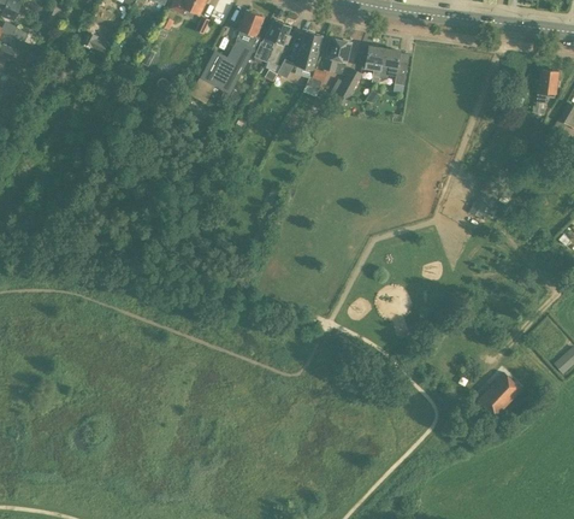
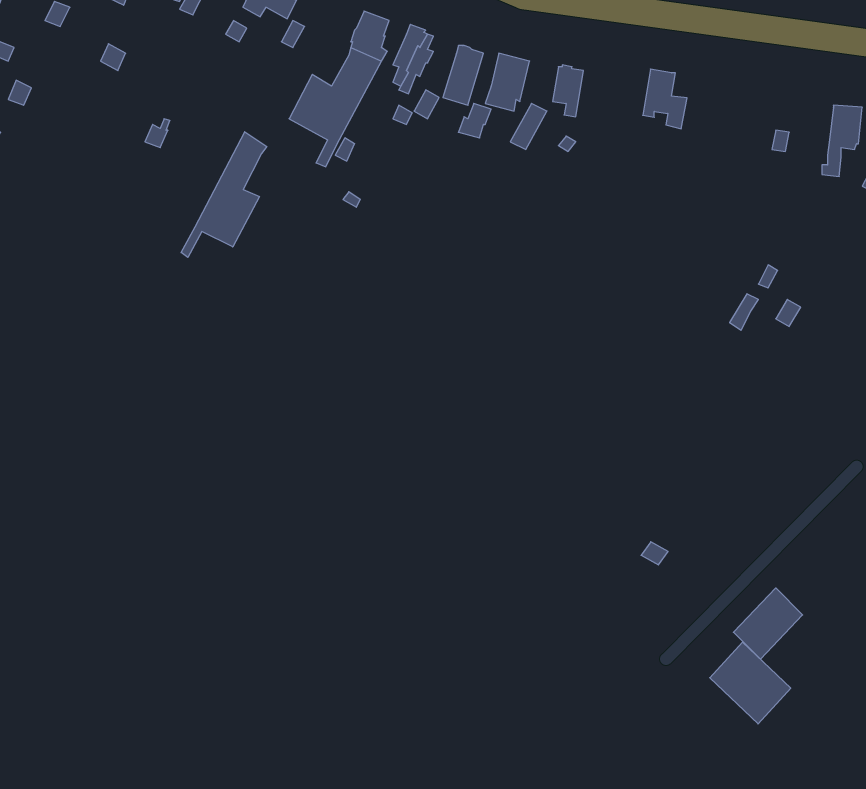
building: [379,47,407,84] -> [643,69,687,129]
building: none -> [181,132,267,257]
building: none -> [710,642,791,724]

